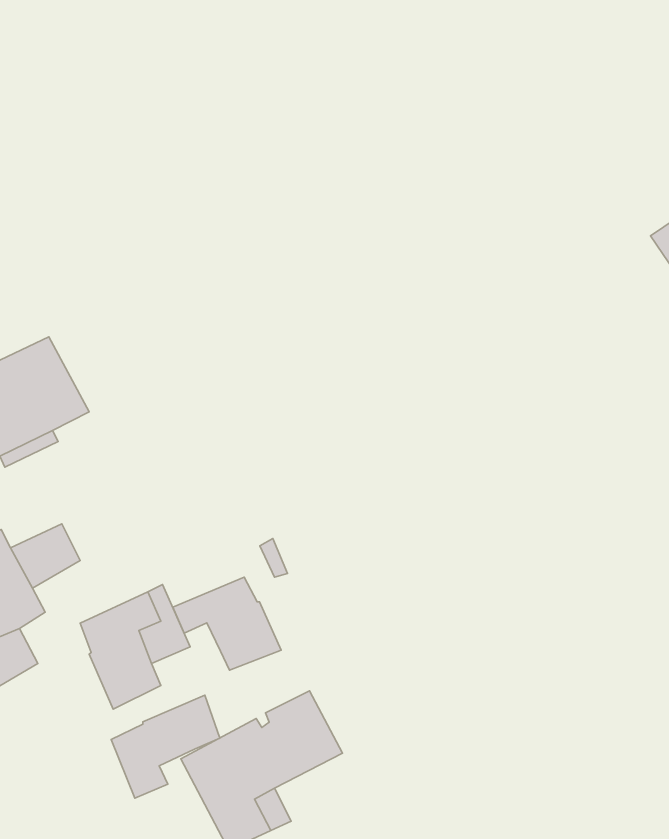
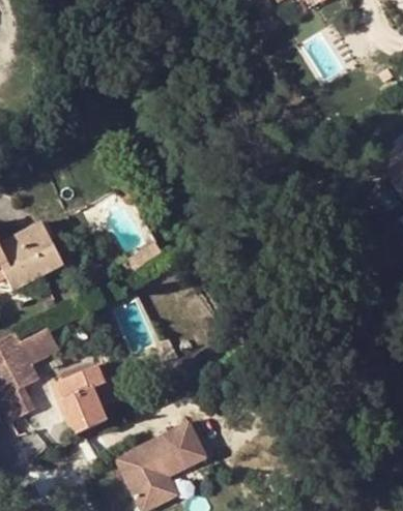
building: [173,577,281,670] -> none
building: [111,695,220,798] -> none

